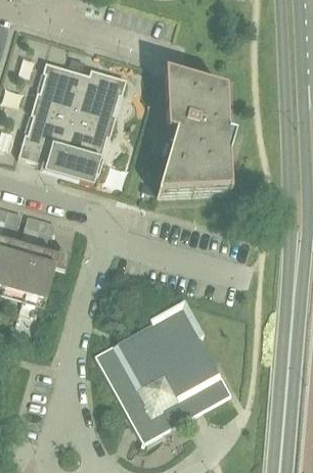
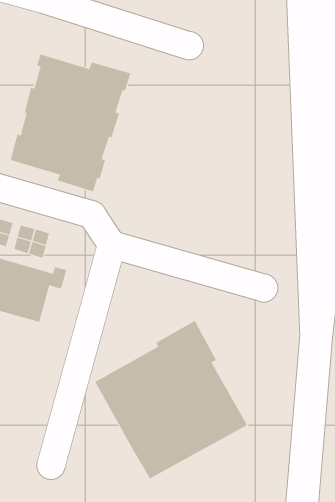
building: [156,69,235,194] -> none

